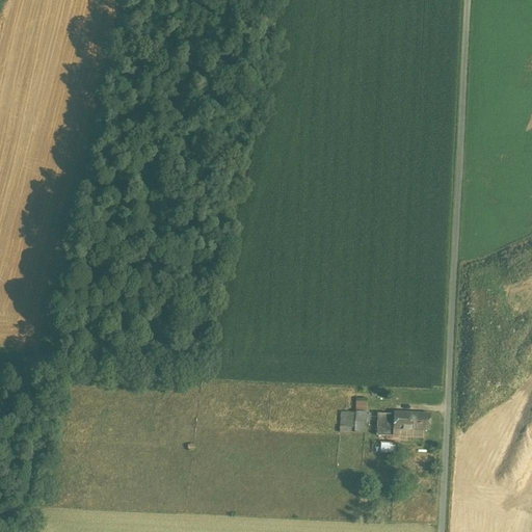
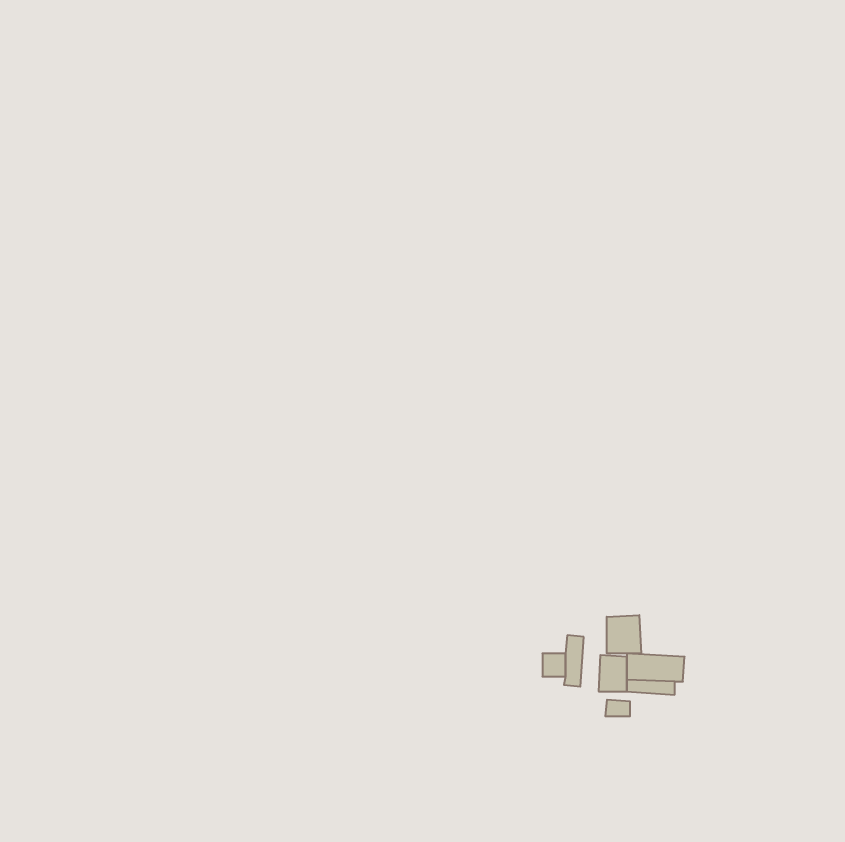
building: none -> [607,615,641,653]

